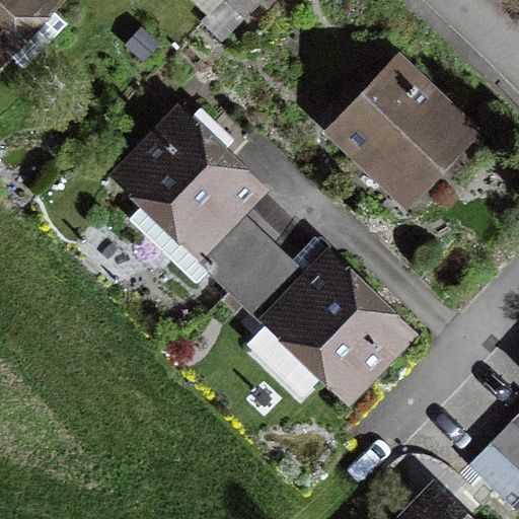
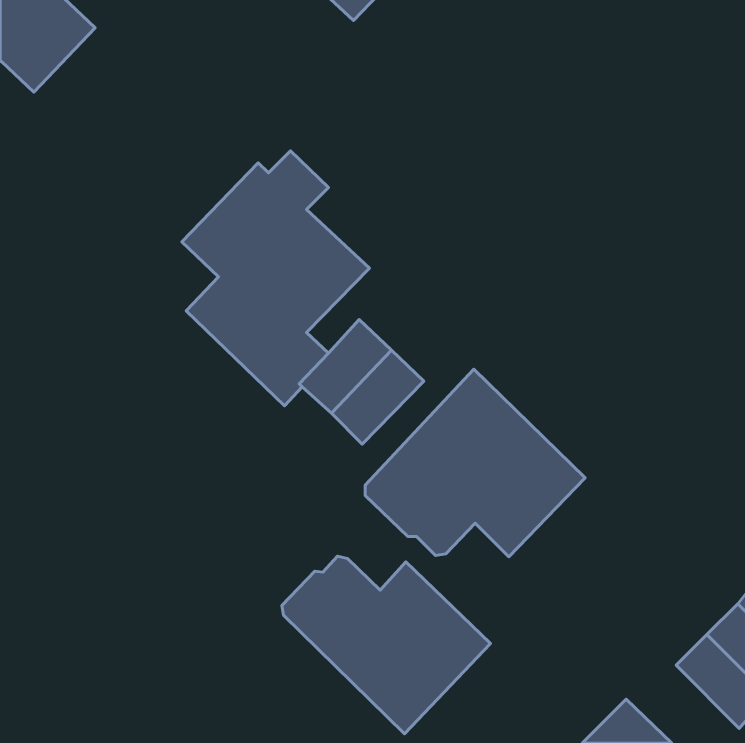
building: [340,62,464,187] -> none
building: none -> [282,556,491,734]

